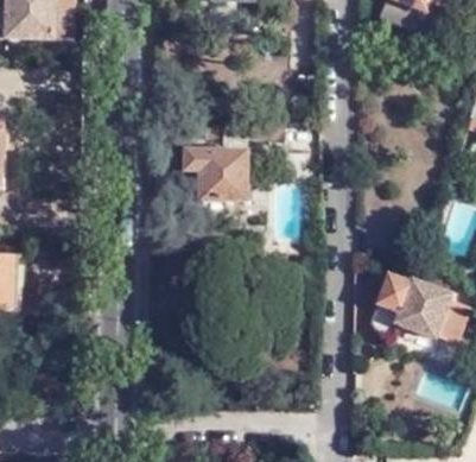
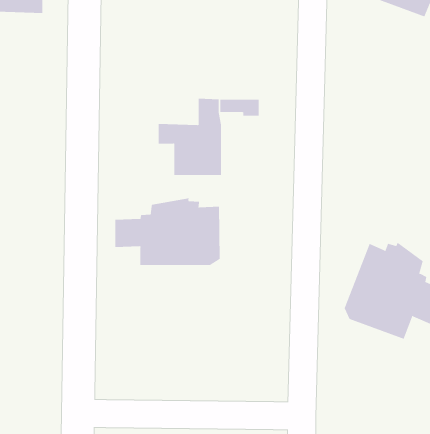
building: none -> [115,198,220,266]

